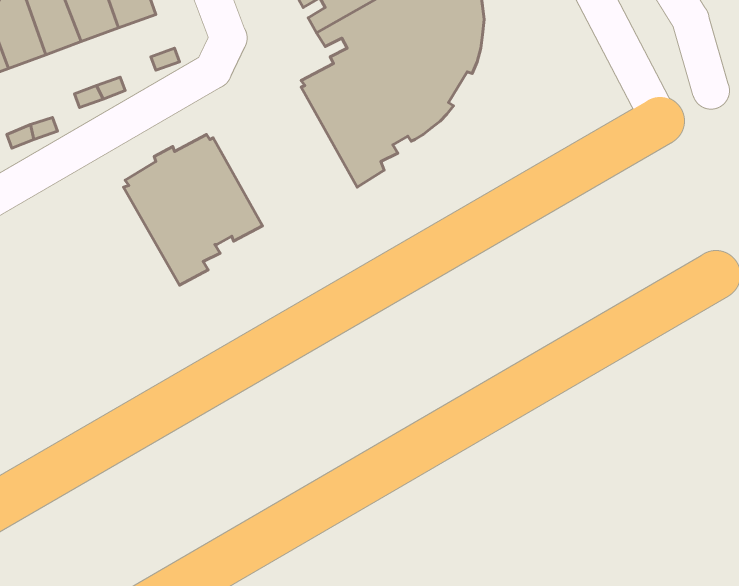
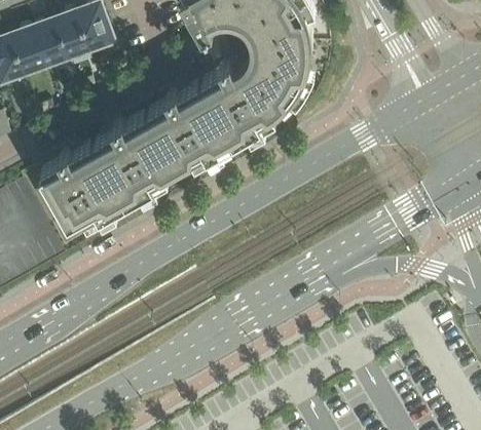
building: none -> [147,87,234,173]
building: none -> [38,148,126,232]

